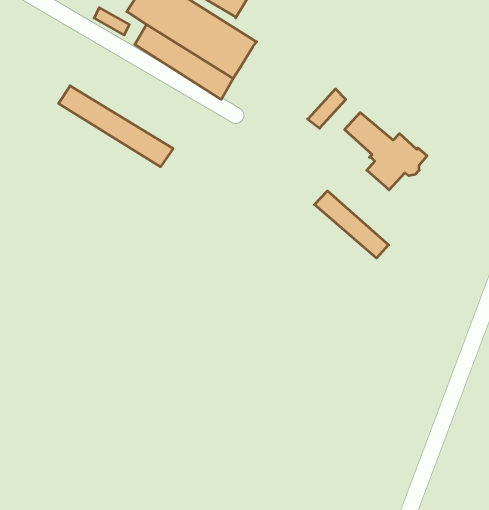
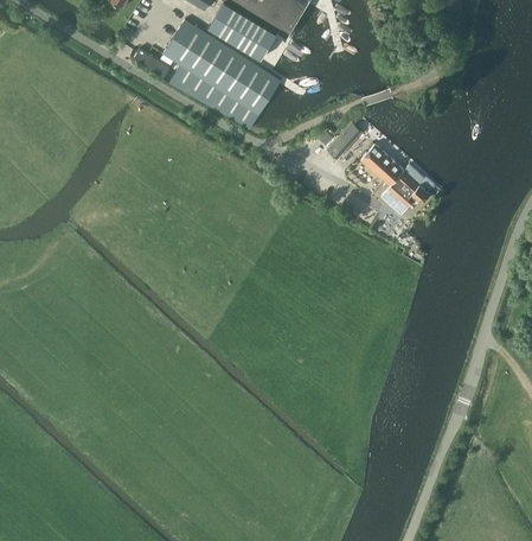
building: [59,86,173,167] -> none
building: [314,191,389,258] -> none

